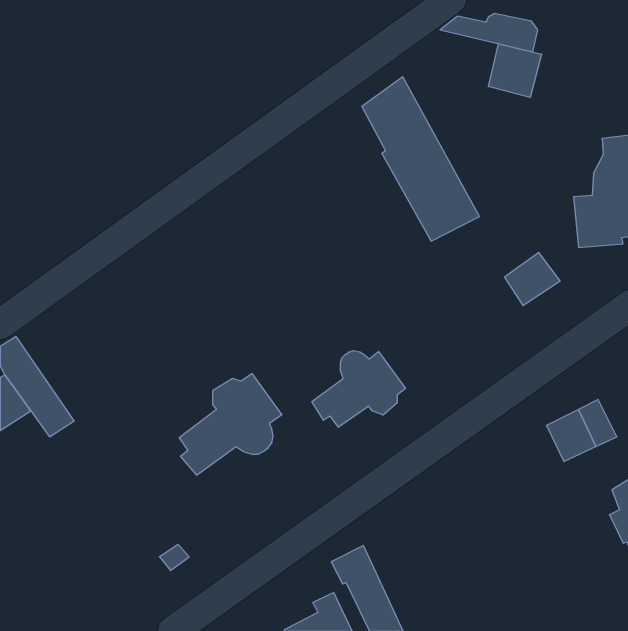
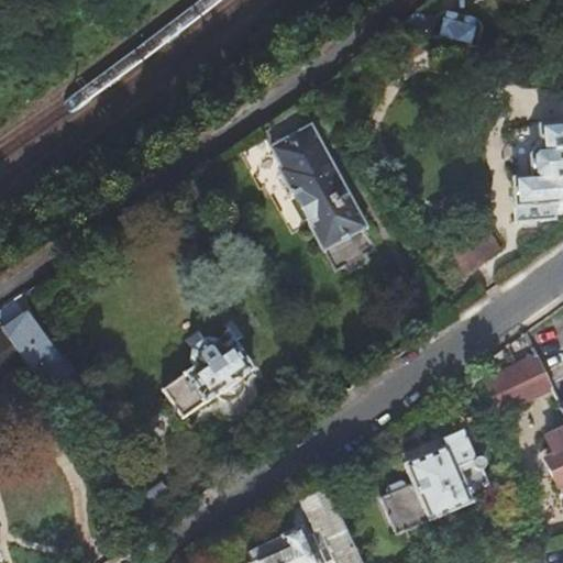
building: [488,44,542,97] -> none
building: [362,77,479,241] -> [263,101,367,247]
building: [312,351,405,427] -> none
building: none -> [380,429,490,534]

